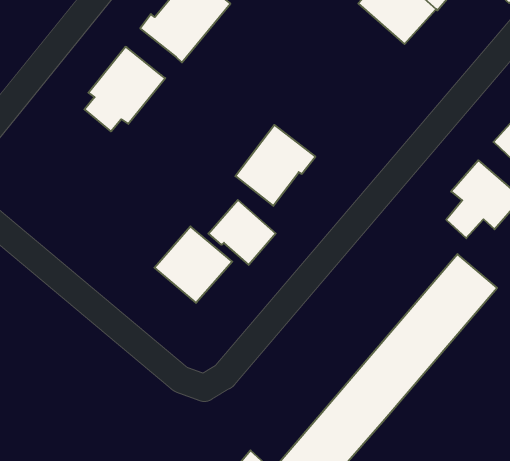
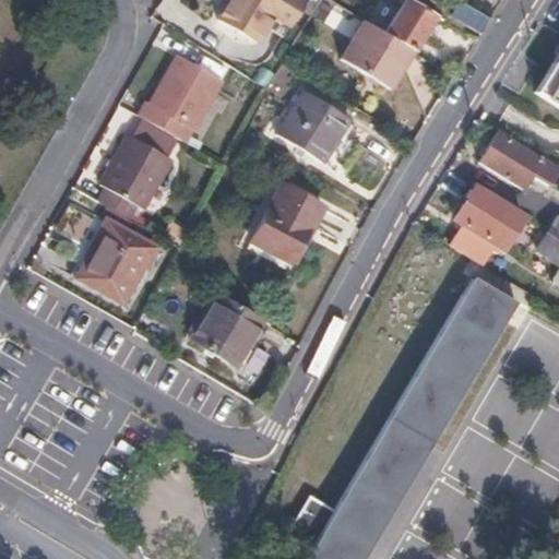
building: none -> [130,118,178,157]
building: none -> [278,92,350,163]
building: none -> [79,223,153,302]
building: [208,200,276,265] -> none

